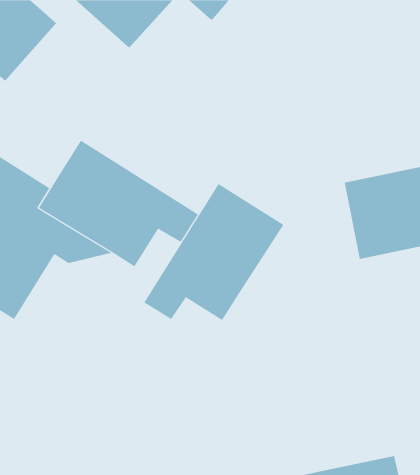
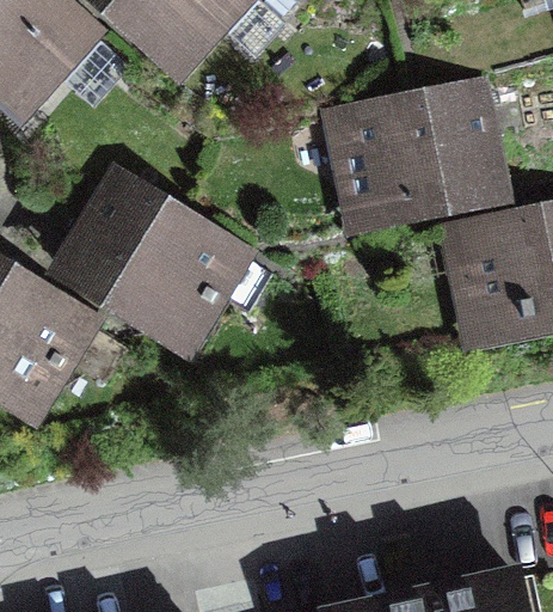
building: none -> [336,91,496,216]
building: [144,183,284,321] -> none

